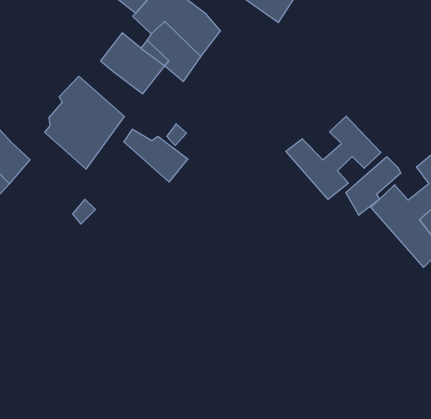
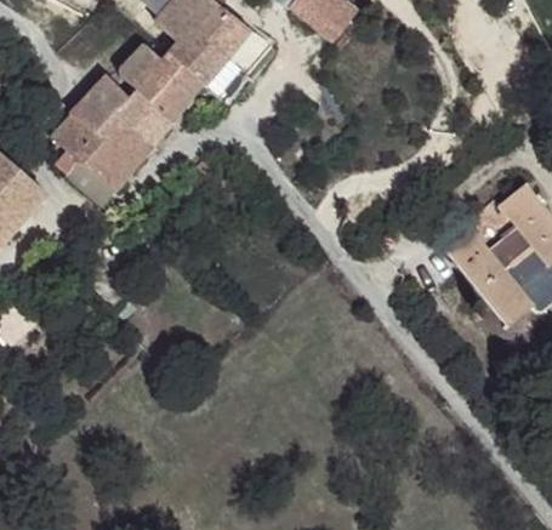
building: [286,116,381,199] -> none
building: [124,129,188,182] -> [98,81,173,143]
building: [346,157,401,215] -> none

